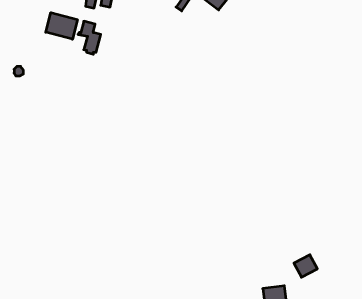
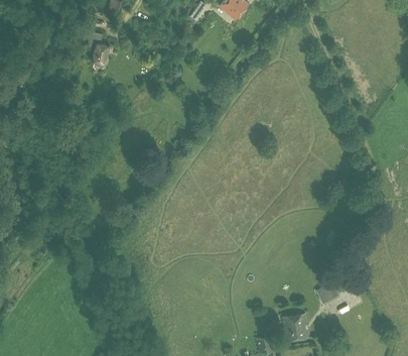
building: [46,13,77,39] -> none

